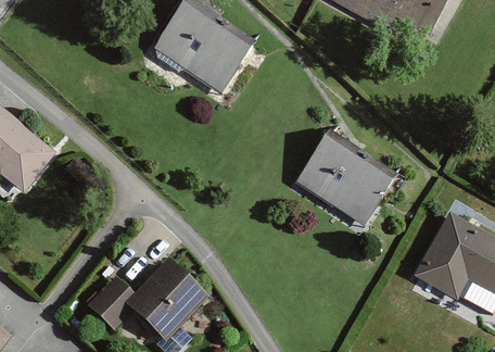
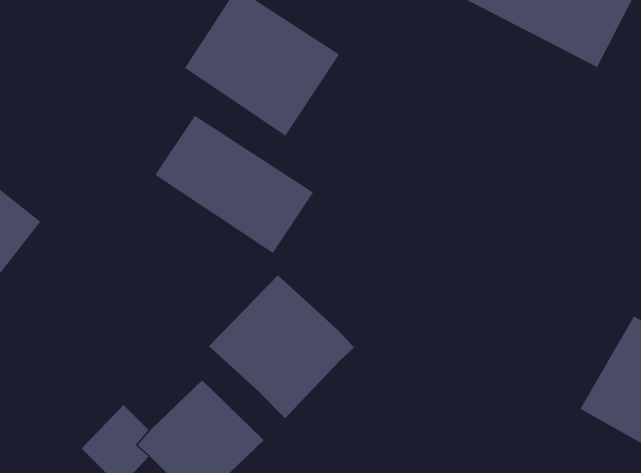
building: none -> [154,115,314,254]
building: [289,134,390,228] -> none
building: none -> [208,275,355,419]

